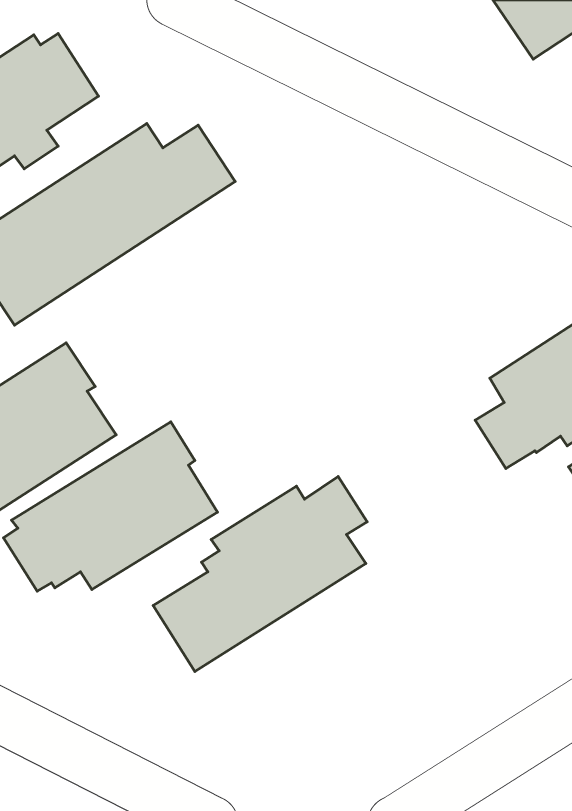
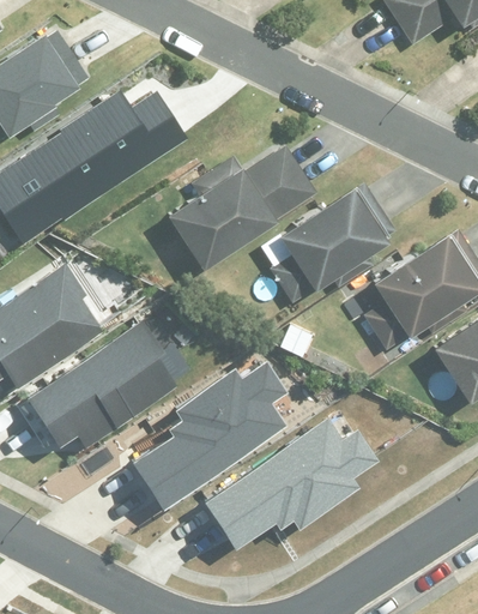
building: none -> [171,146,321,273]
building: none -> [274,192,394,305]
building: none -> [200,415,377,544]

